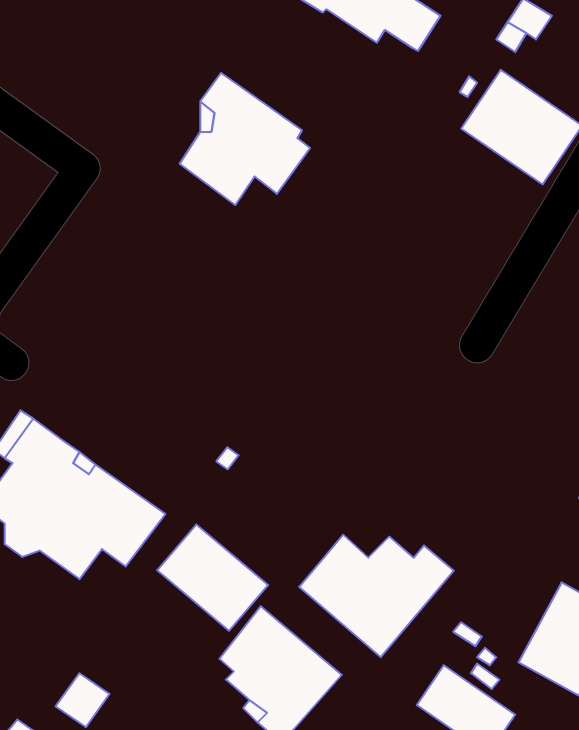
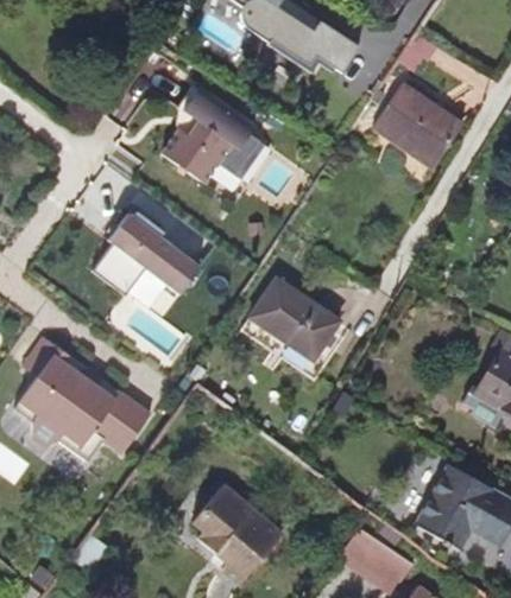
building: none -> [93,212,202,297]
building: none -> [248,278,340,361]
building: [157,524,268,631] -> none
building: [299,535,454,657] -> none

